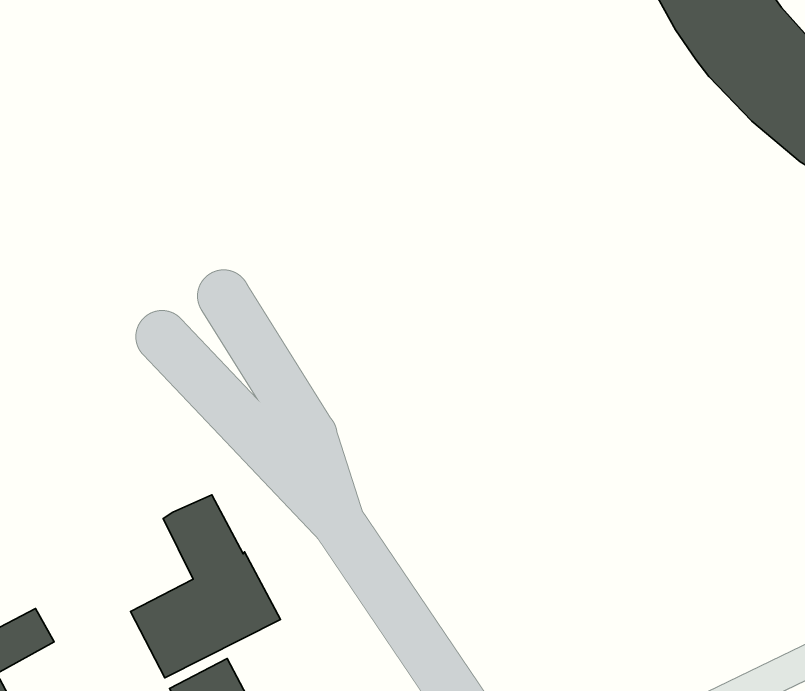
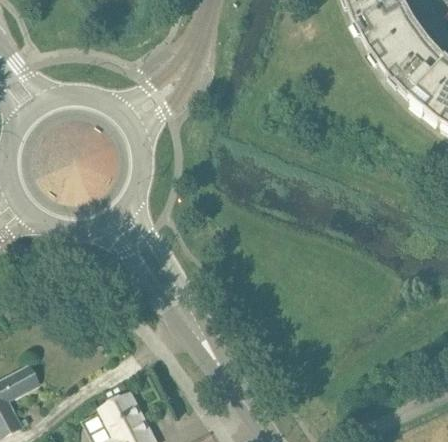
building: [131,495,280,678] -> none

